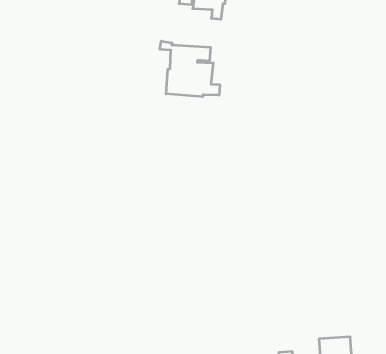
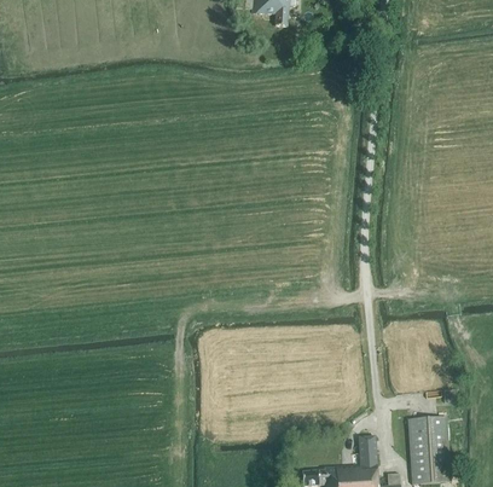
building: [160,41,220,97] -> none

